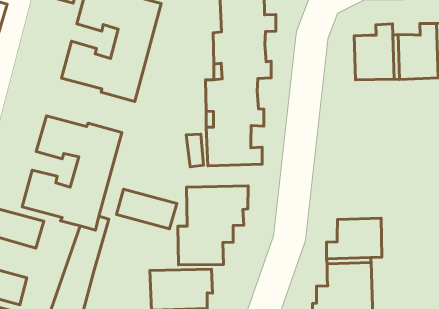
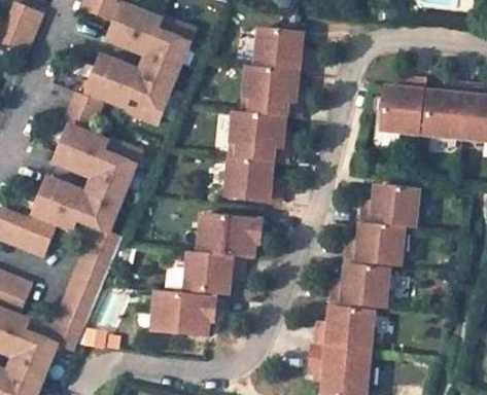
building: none -> [67,92,104,130]
building: none -> [344,185,417,265]
building: [116,189,177,229] -> none

